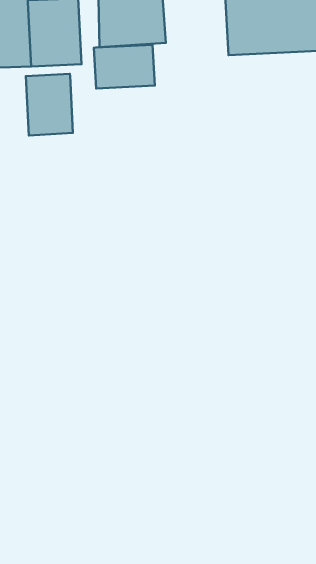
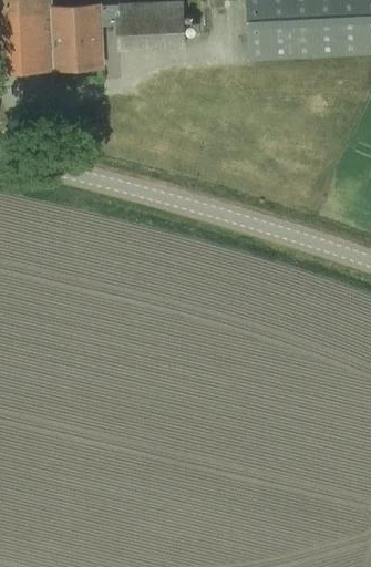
building: [94,45,155,88] -> none
building: [26,74,73,136] -> none

